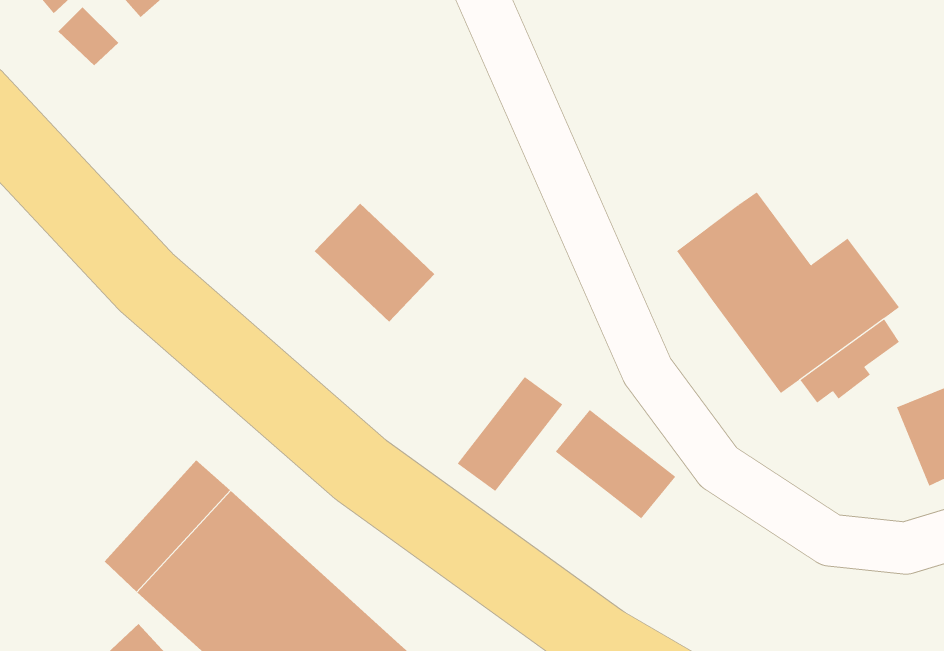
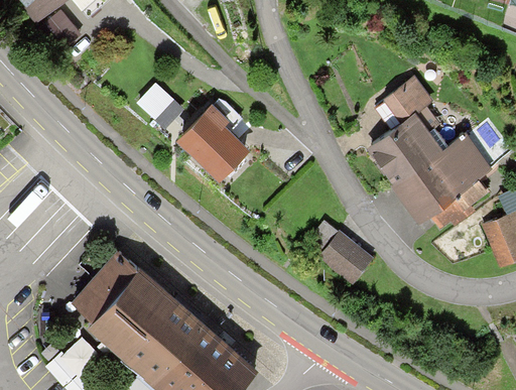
building: none -> [387,78,427,116]
building: none -> [138,82,183,126]
building: [457,376,563,492] -> none

